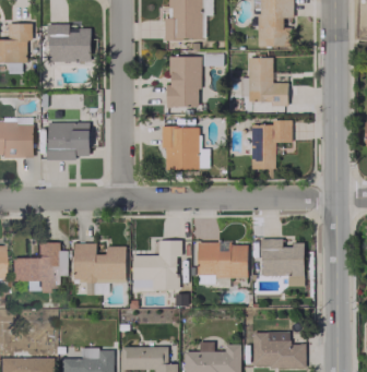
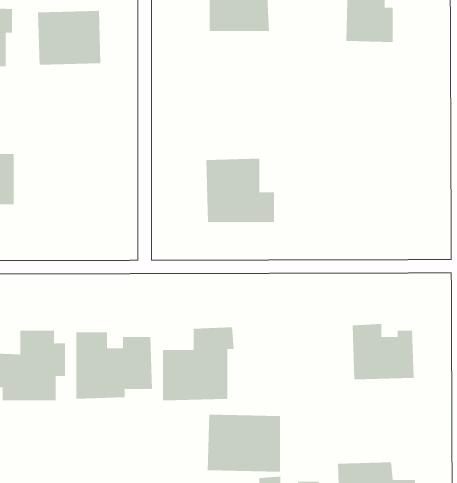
building: [166,56,201,107] -> none
building: [241,57,288,106] -> none
building: [251,120,292,169] -> none
building: [47,122,90,159] -> none
building: [198,242,248,281] -> [207,414,281,472]

